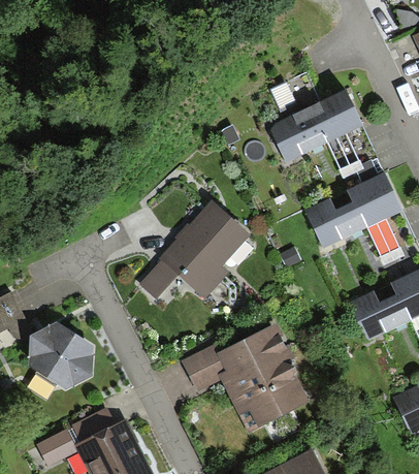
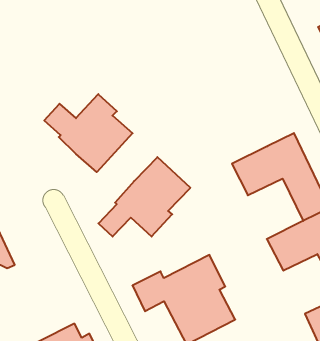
building: [269,92,383,186] -> none
building: none -> [44,94,133,172]
building: [29,322,94,391] -> none

